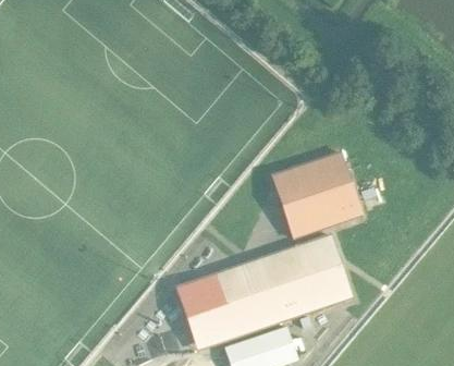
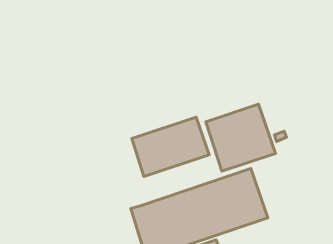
building: none -> [132,117,209,176]

